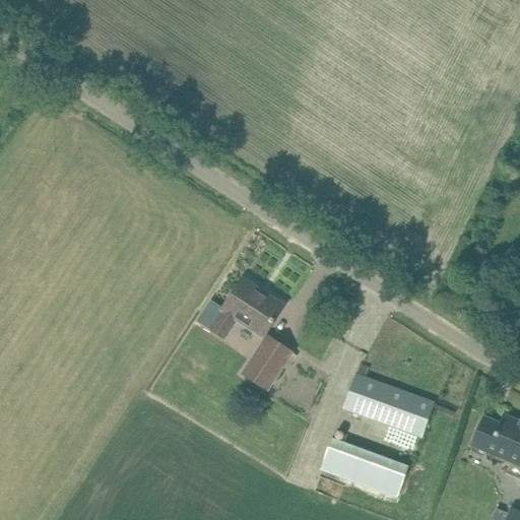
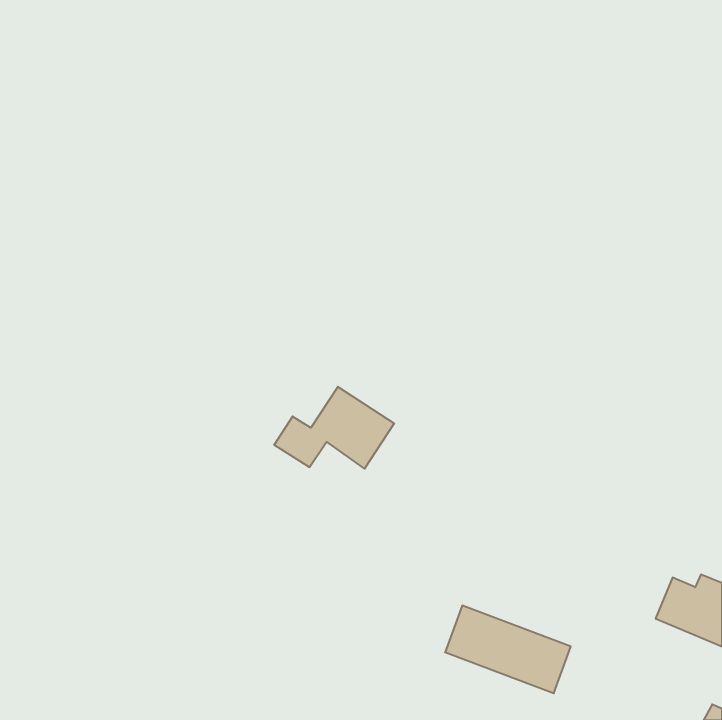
building: [242,336,297,391] -> none
building: [343,373,435,437] -> none

